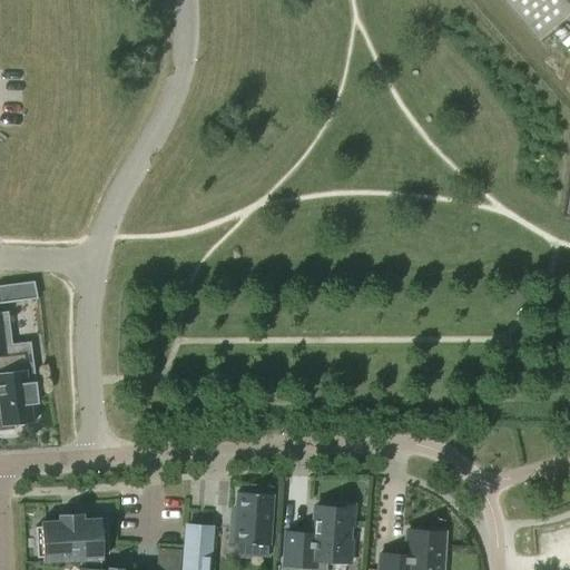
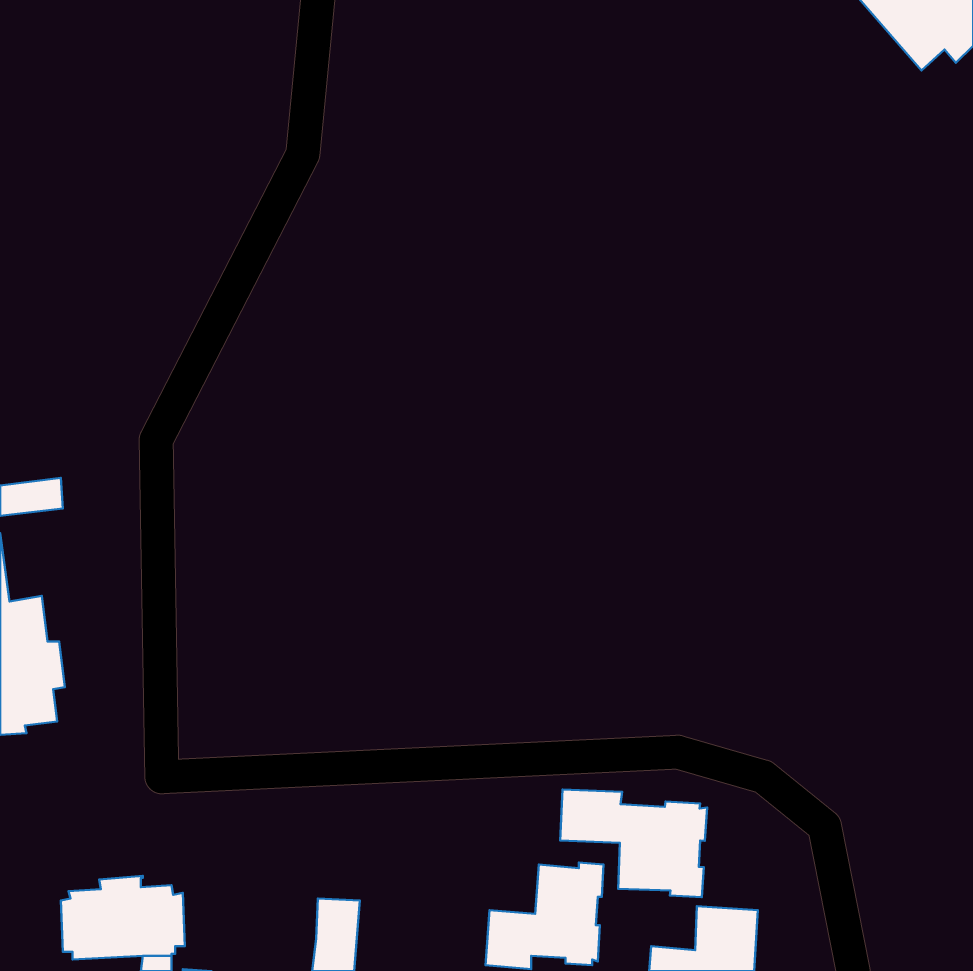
building: none -> [560,789,707,897]
building: [229,492,273,544] -> none

